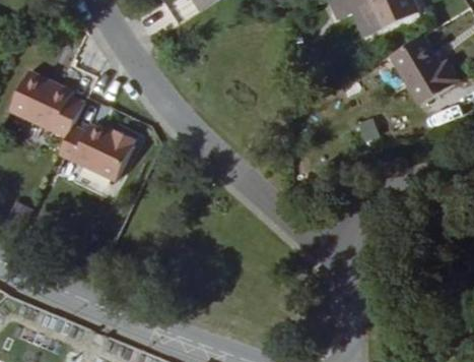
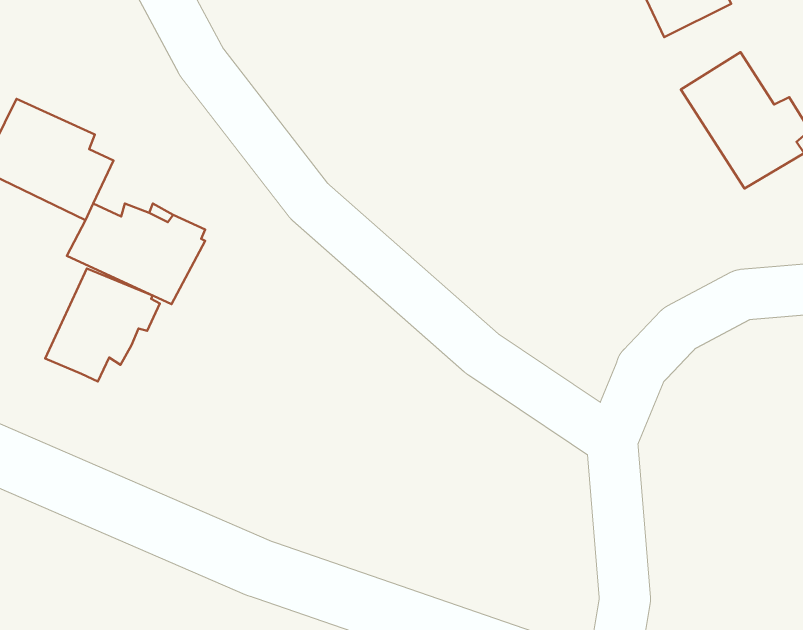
building: none -> [45,269,160,382]

